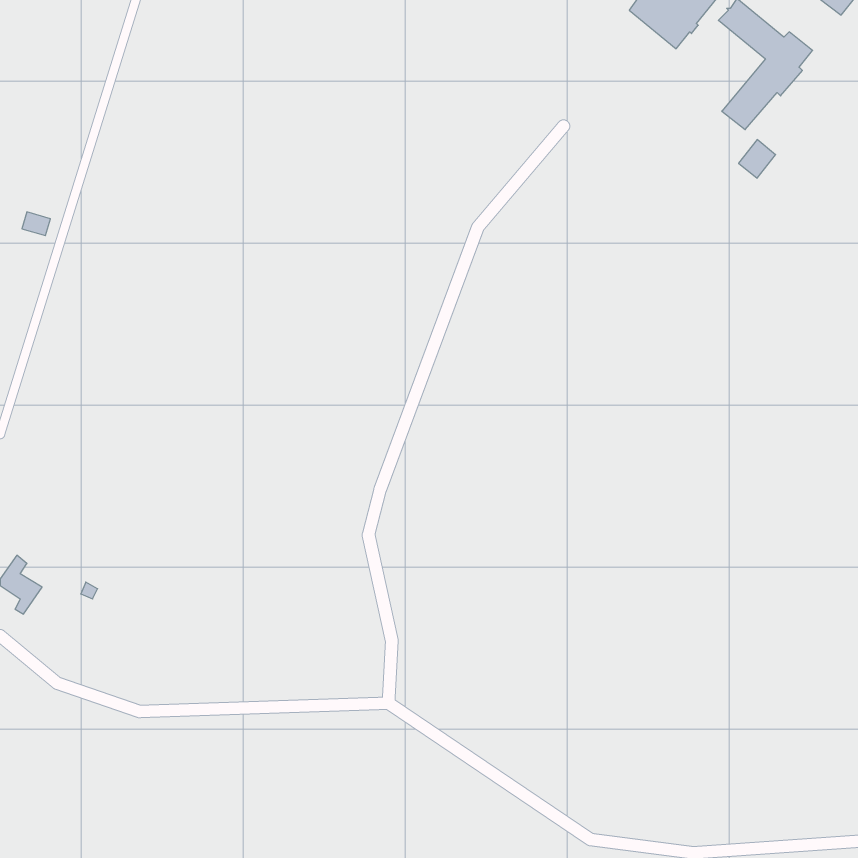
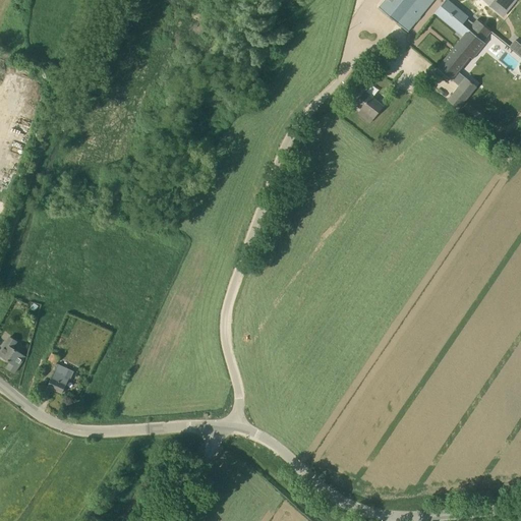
building: none -> [356,91,384,122]
building: none -> [48,364,74,393]

